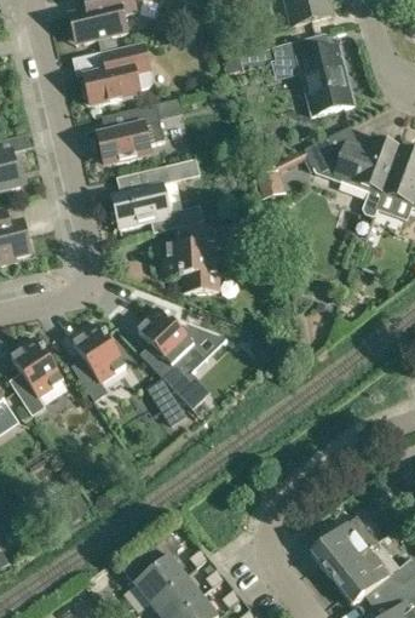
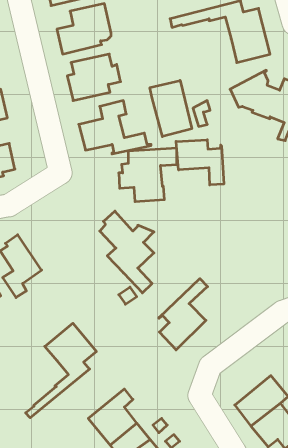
building: none -> [150,80,192,137]
building: none -> [176,140,224,185]
building: [73,321,126,401] -> none
building: none -> [159,279,208,350]
building: none -> [26,323,96,418]

